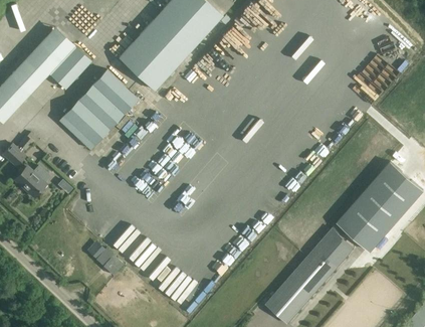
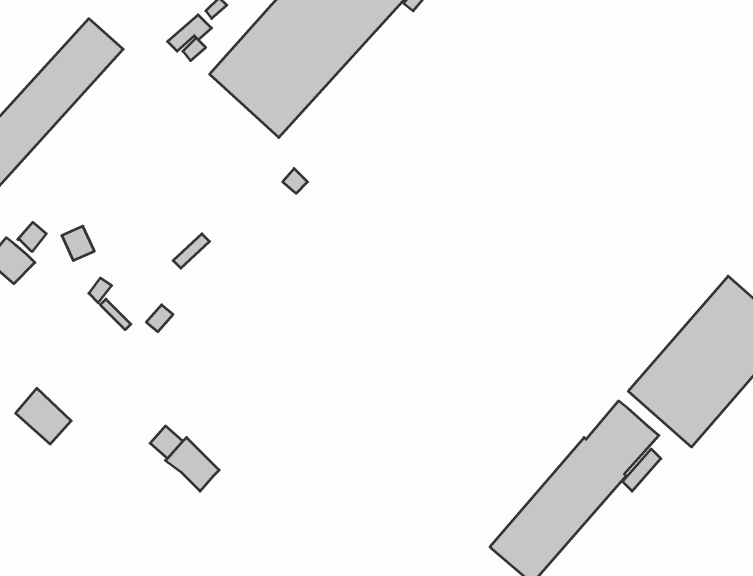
building: [50,46,91,89] -> none
building: [58,68,139,150] -> none
building: [16,167,45,196] -> [16,388,71,444]

